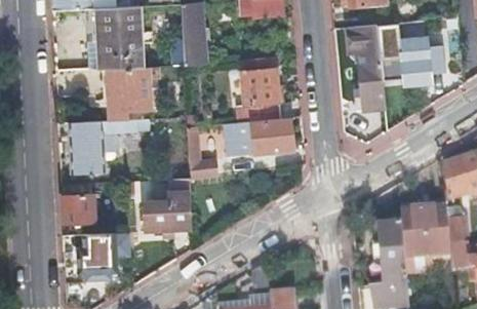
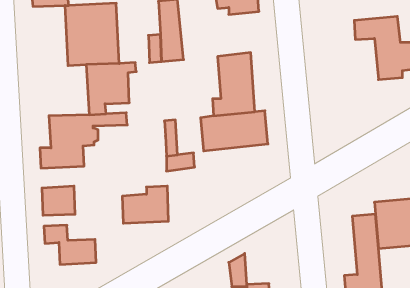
building: [346,23,386,108] -> none

